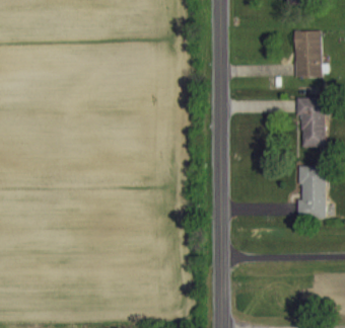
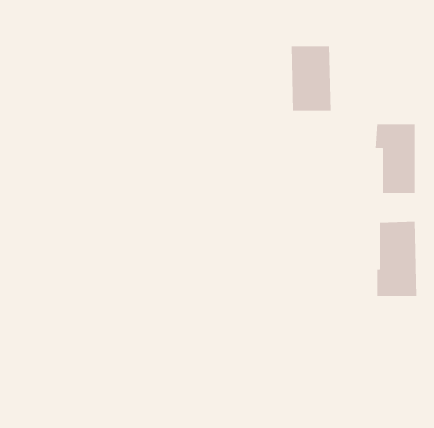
building: [293,31,322,77] -> [291,46,331,111]

